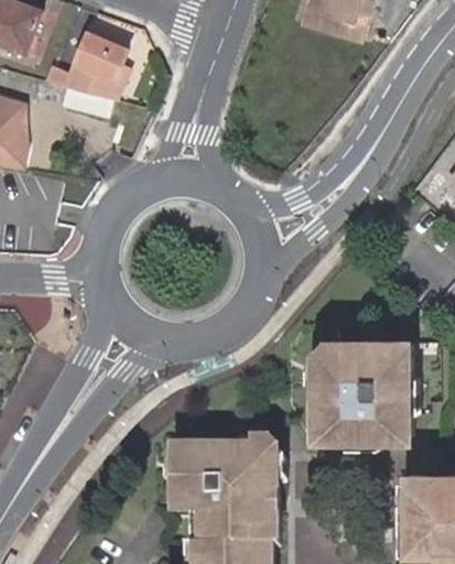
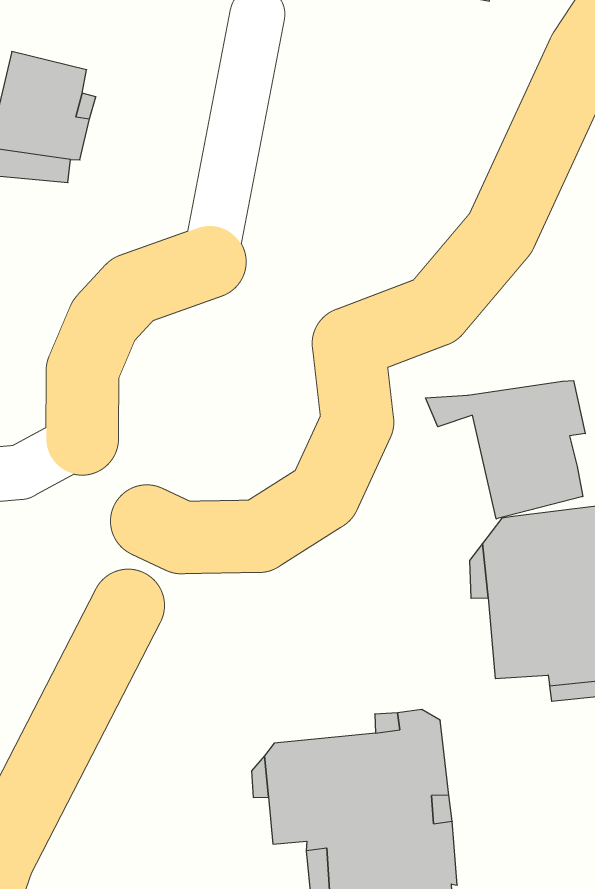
building: none -> [426,381,585,519]

